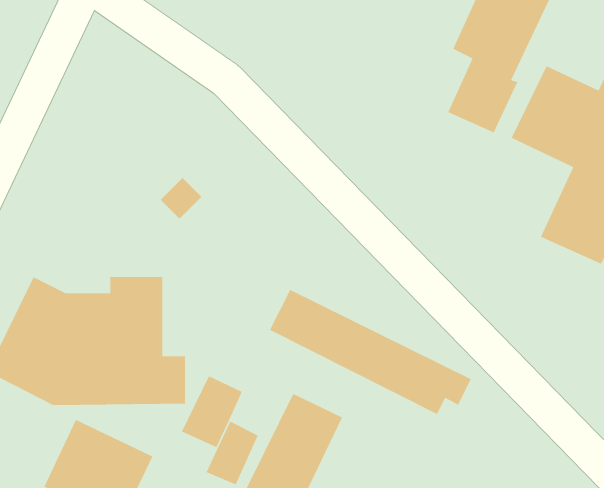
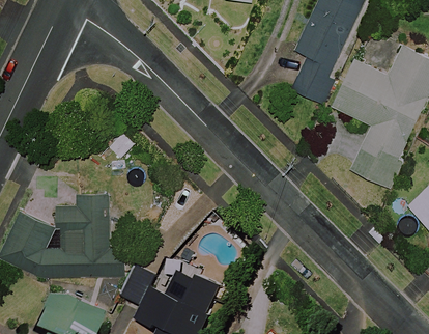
building: [269,289,472,415] -> none

